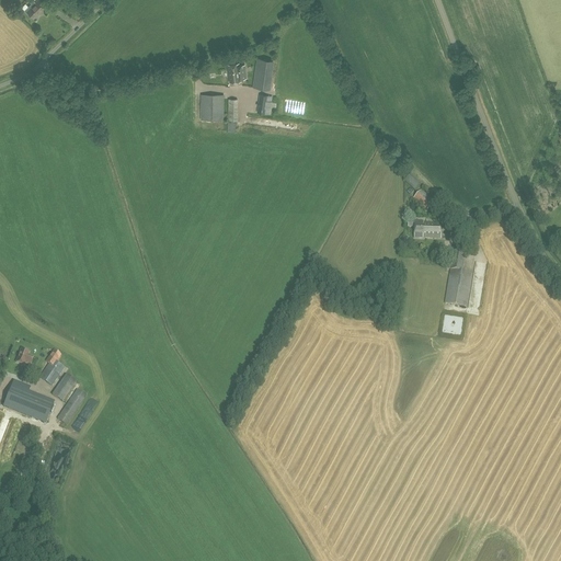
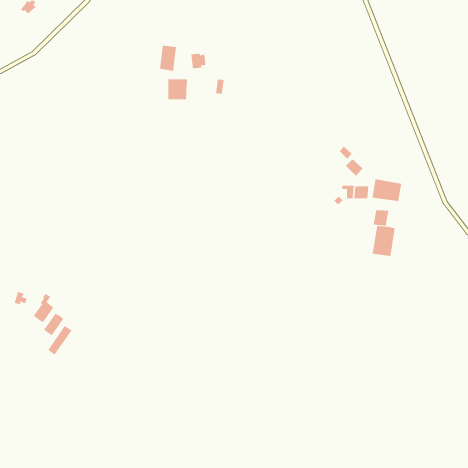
building: [253,58,274,90] -> [159,45,177,72]
building: none -> [372,179,402,202]
building: [5,381,55,421] -> none

